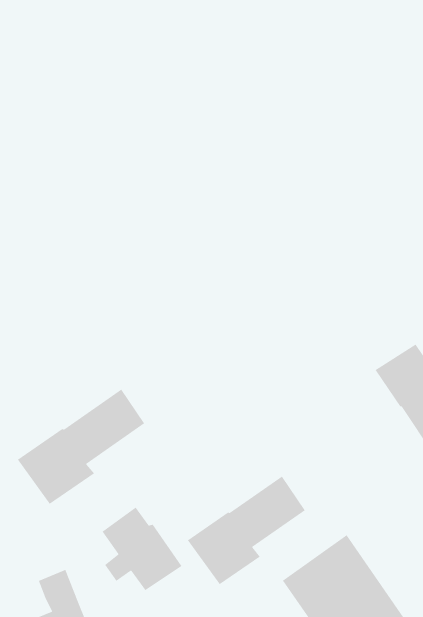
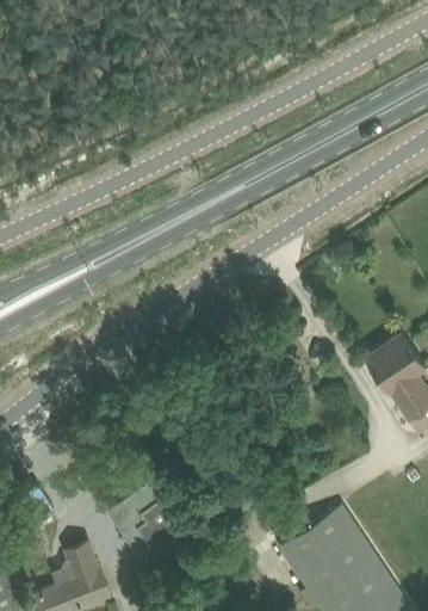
building: [17,388,145,505] -> none
building: [187,475,306,585] -> none

